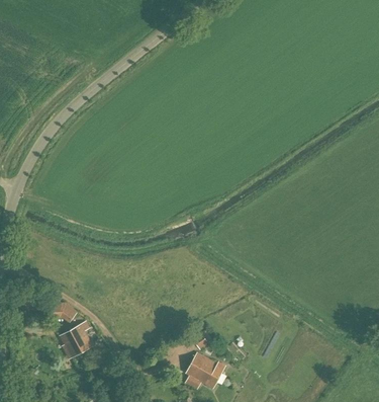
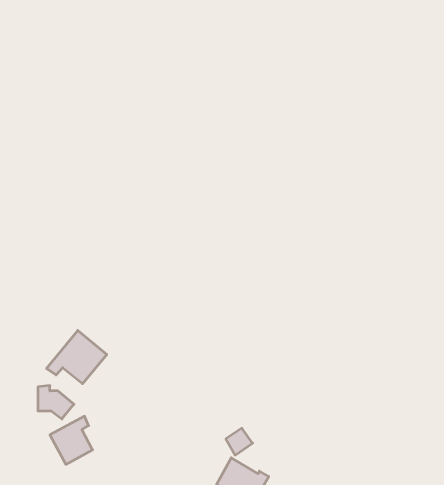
building: none -> [47,330,107,384]

